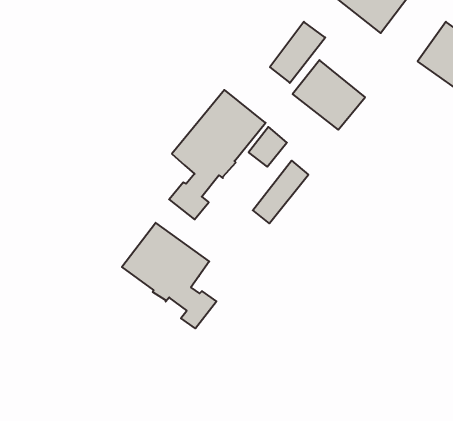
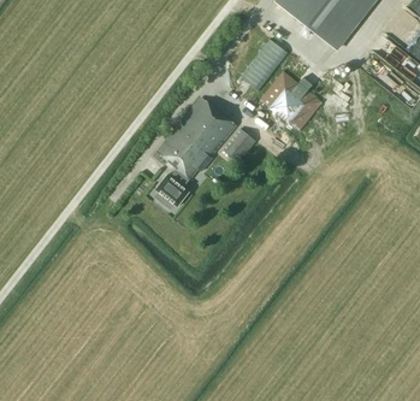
building: [253,161,308,223] -> none
building: [122,223,216,328] -> none

